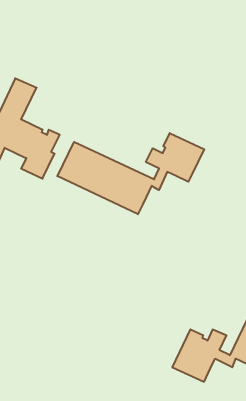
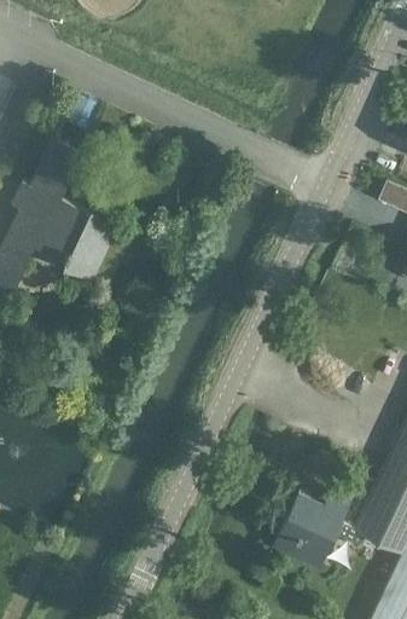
building: [57,133,204,214] -> none

